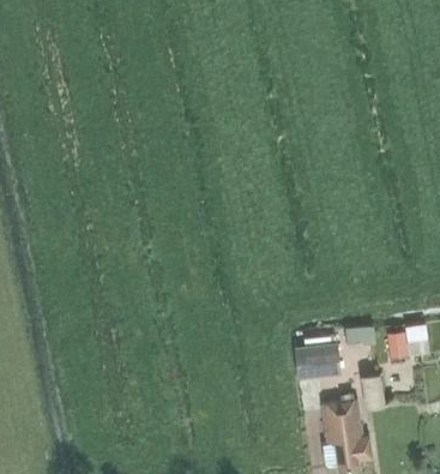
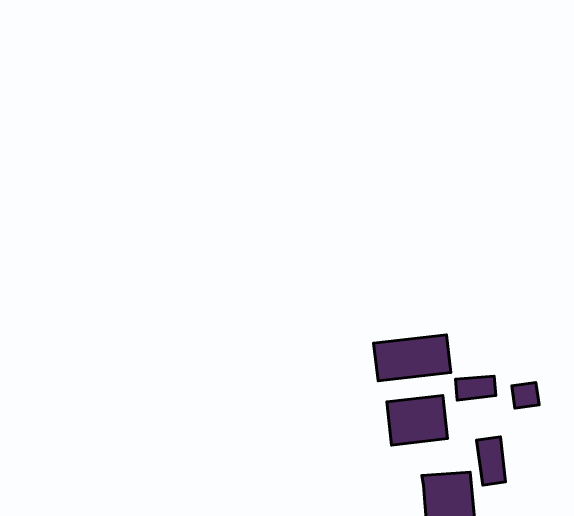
building: none -> [374,335,451,381]

